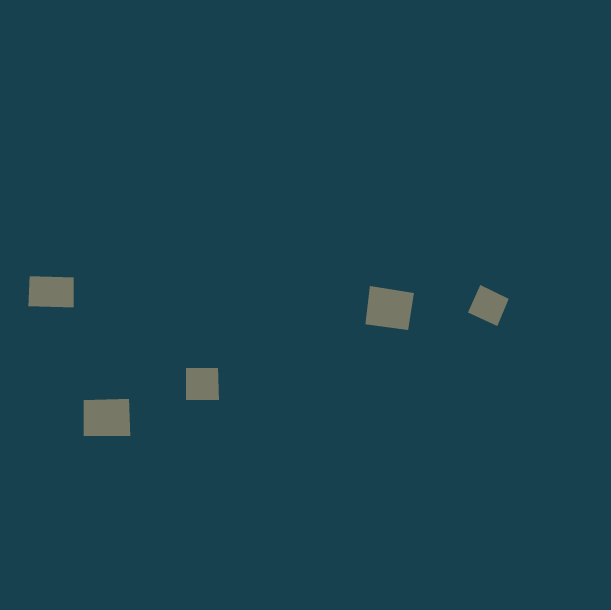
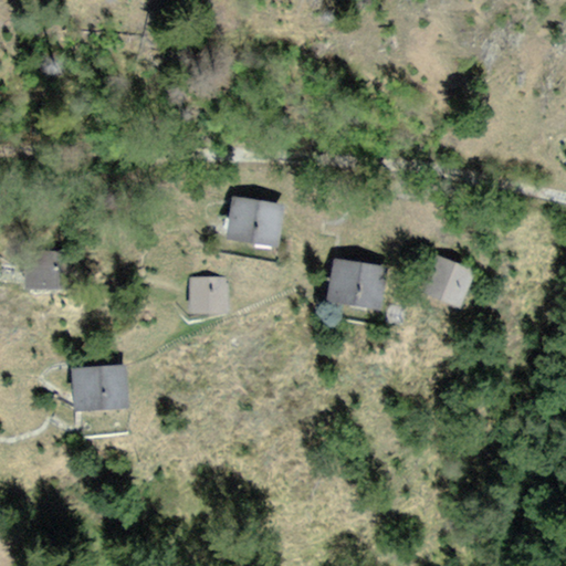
building: none -> [229,199,274,247]
building: [185,367,220,401] -> [192,277,224,308]

